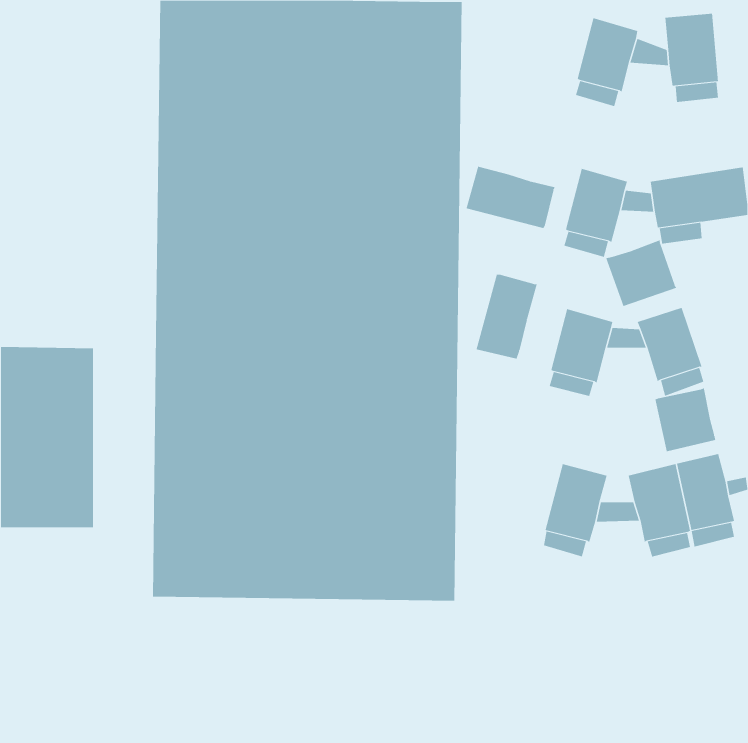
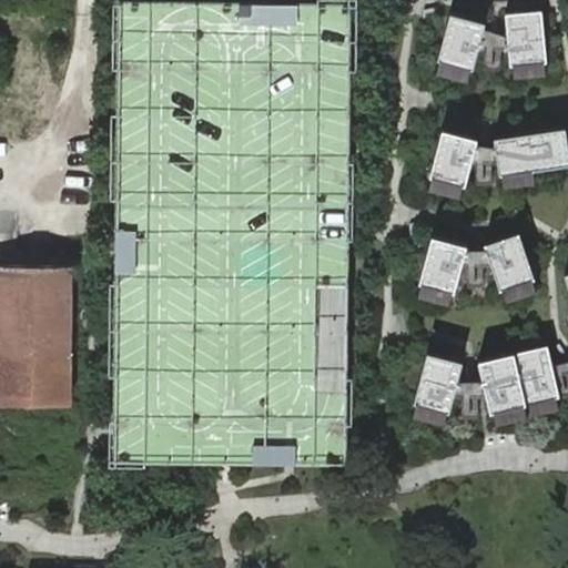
building: [466,166,556,229] -> none
building: [606,239,677,307] -> none
building: [476,274,537,360] -> none
building: [655,387,716,452] -> none

